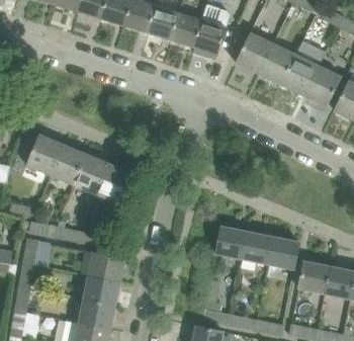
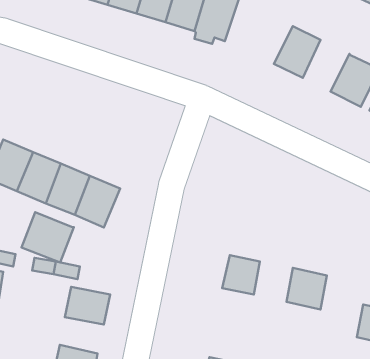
building: [235,32,271,73] -> none
building: [279,46,325,95] -> none
building: none -> [22,212,74,262]
building: [240,232,271,264] -> none
building: [297,261,328,292] -> none
building: [84,276,119,306] -> none

